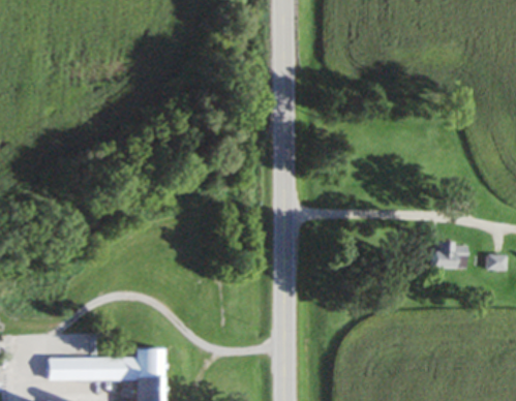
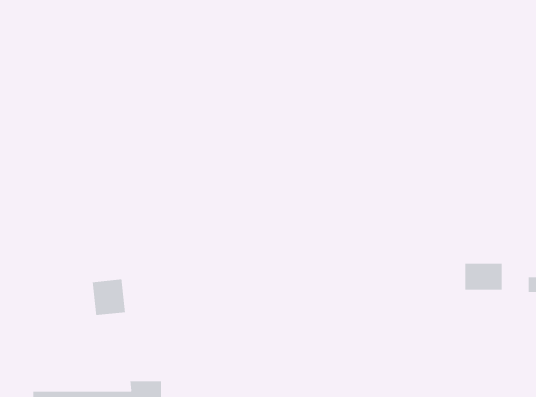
building: none -> [92,279,126,316]

